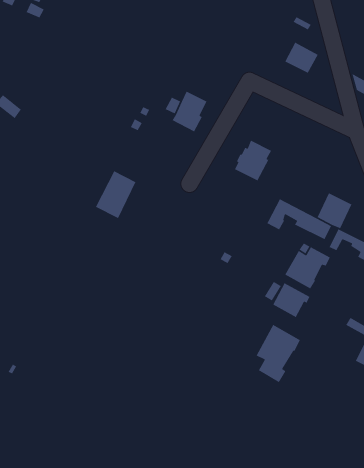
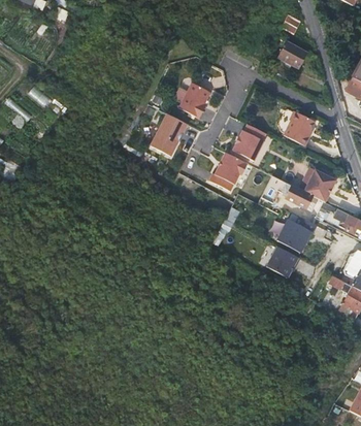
building: none -> [286,114,314,145]
building: [95,170,137,219] -> [151,113,187,156]
building: none -> [209,152,248,190]
building: [255,324,301,383] -> none

